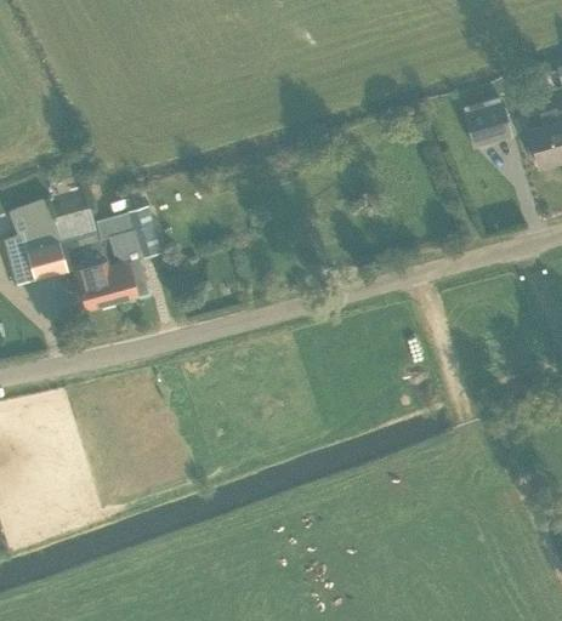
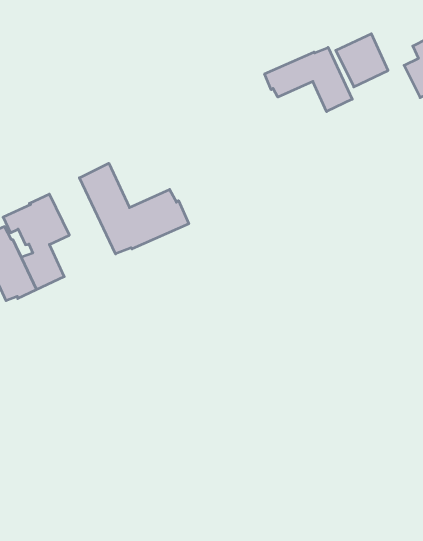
building: none -> [265,47,352,112]
building: none -> [79,163,189,254]

